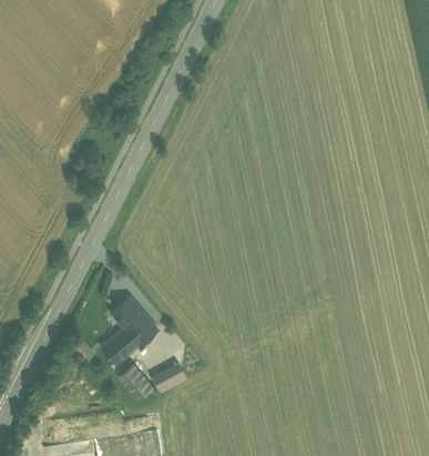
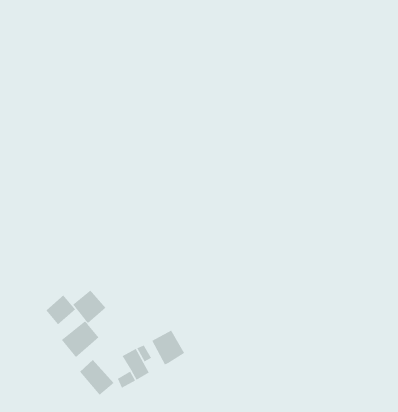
building: [126,314,156,344] -> [45,295,76,325]
building: none -> [151,329,185,365]

